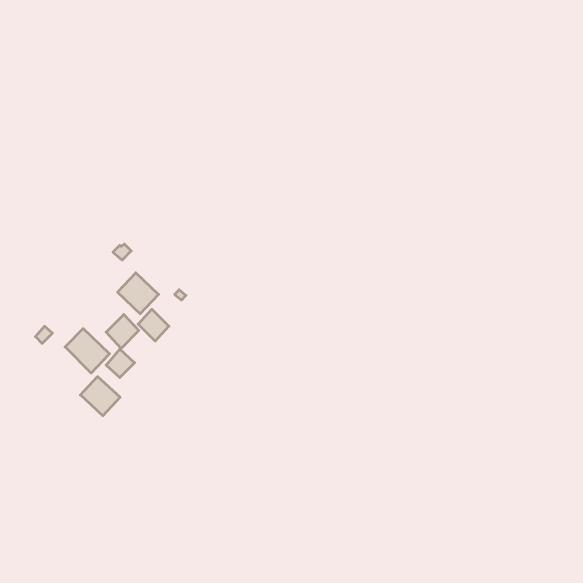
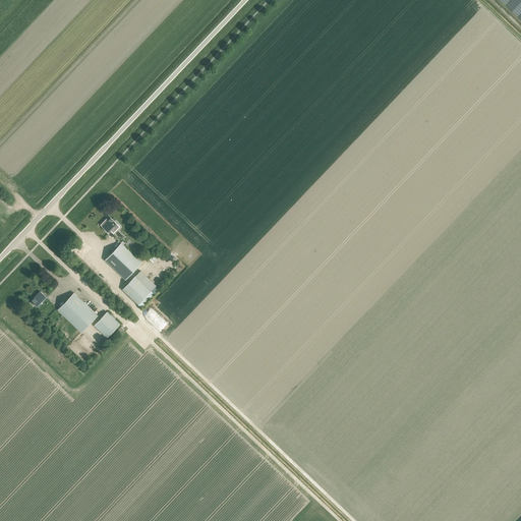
building: [106,314,139,348] -> none
building: [80,377,120,416] -> none

